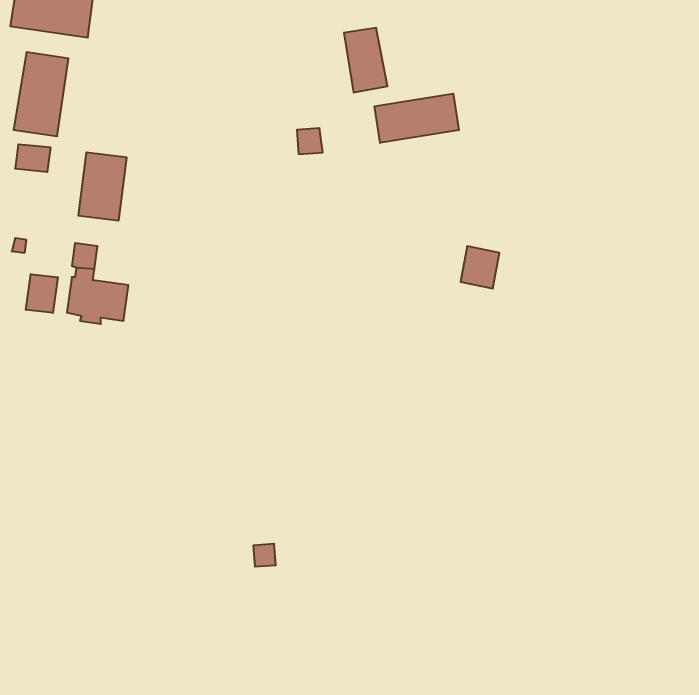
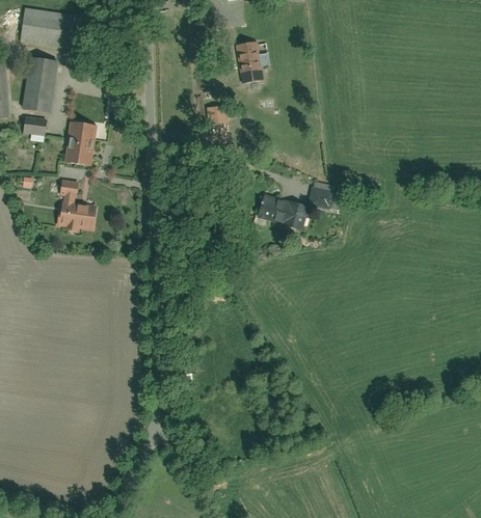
building: [375,94,459,143] -> none
building: none -> [257,197,304,230]
building: [26,274,58,313] -> none

